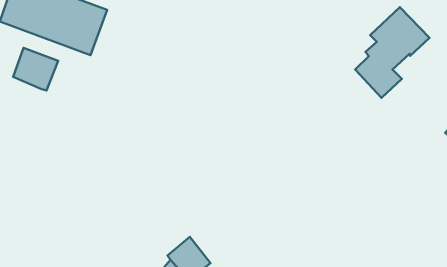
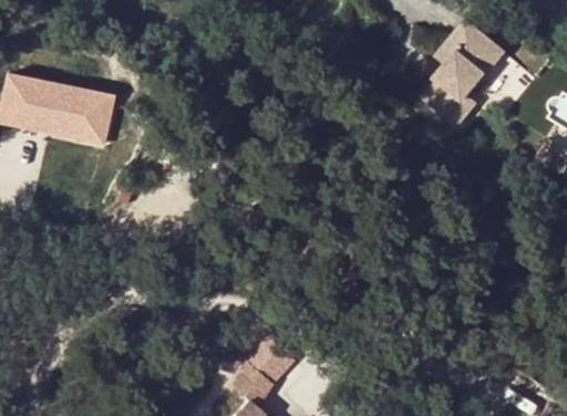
building: [13,48,58,91] -> none

